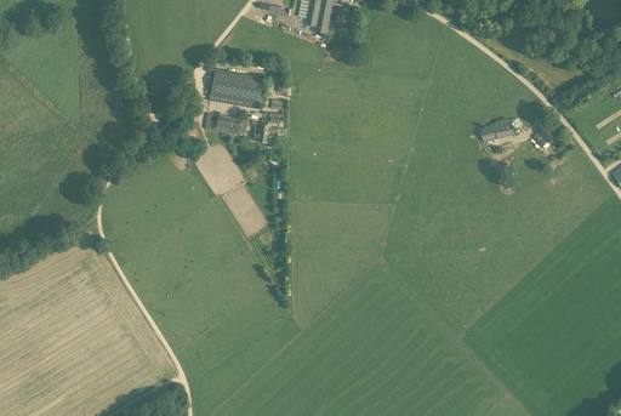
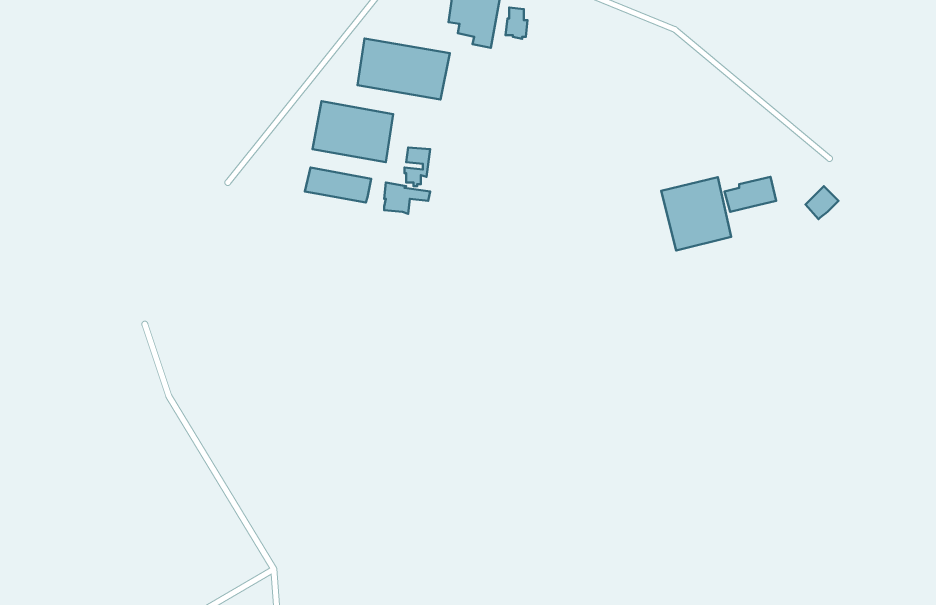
building: none -> [357,38,450,99]
building: none -> [661,177,731,250]

